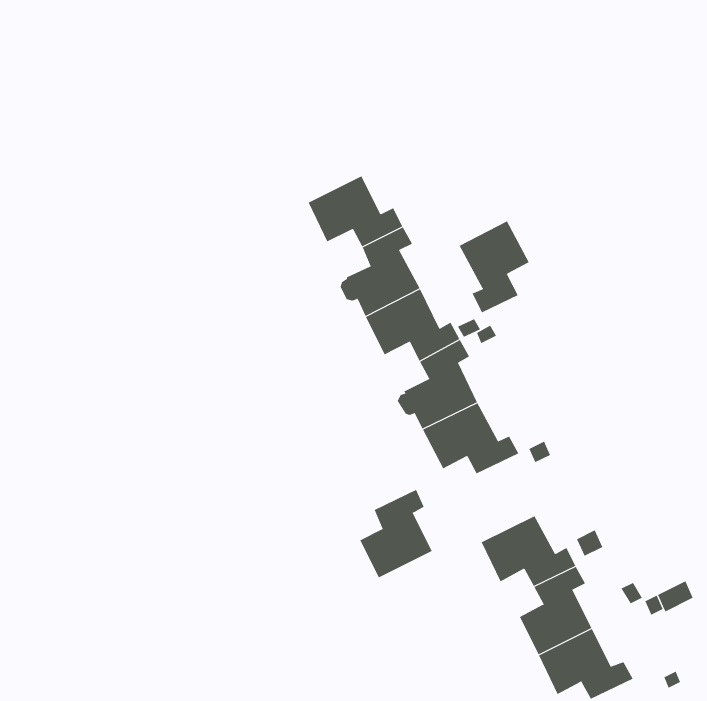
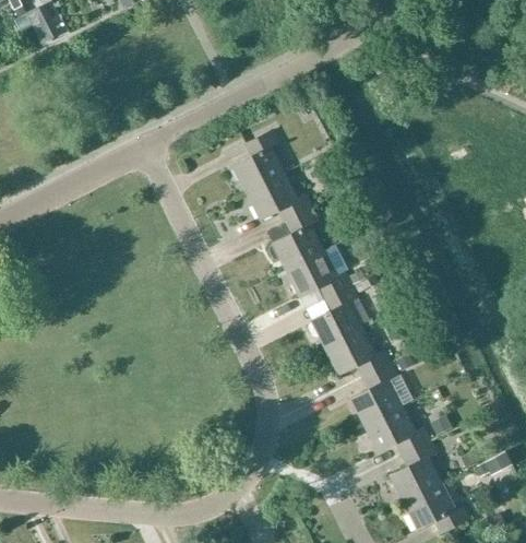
building: none -> [231,130,282,191]
building: [459,220,529,313] -> none
building: [359,489,432,578] -> [350,364,401,425]

